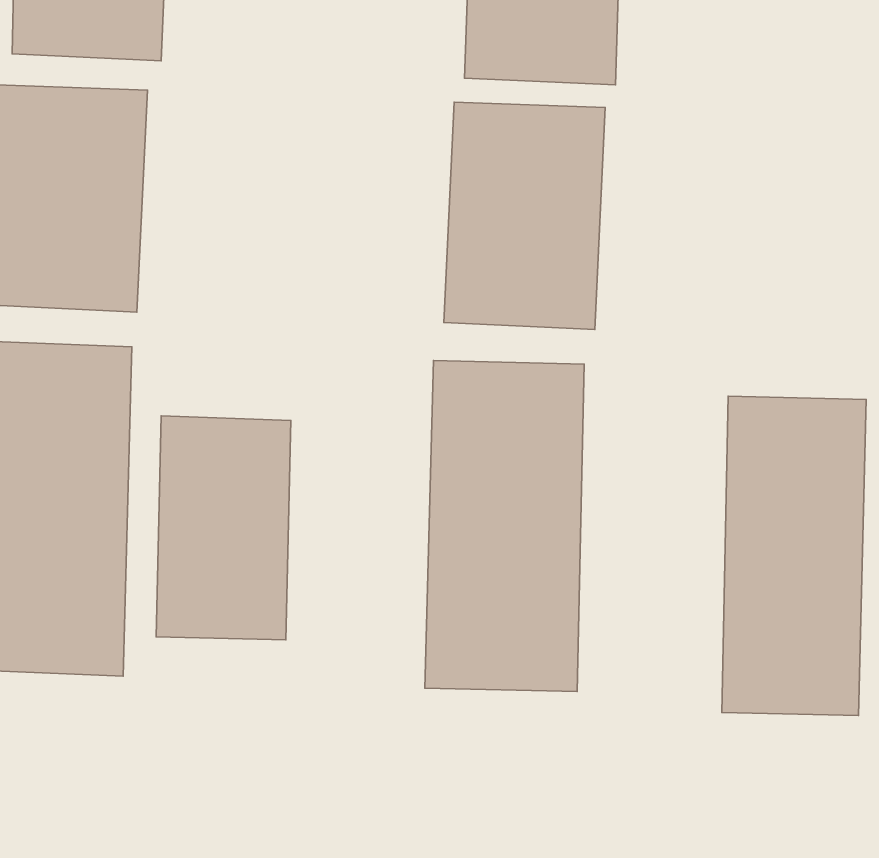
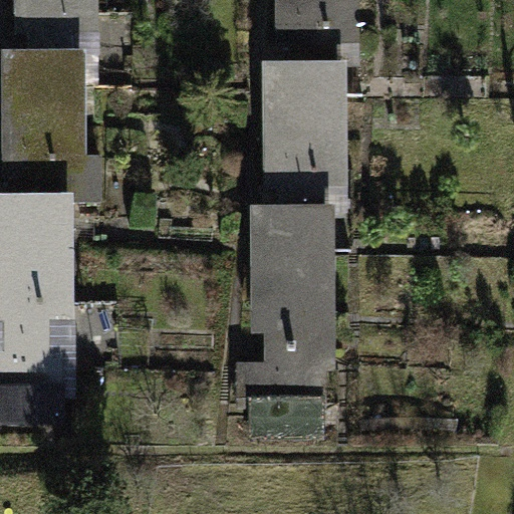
building: [722,396,866,716] -> none
building: [156,416,291,640] -> none

